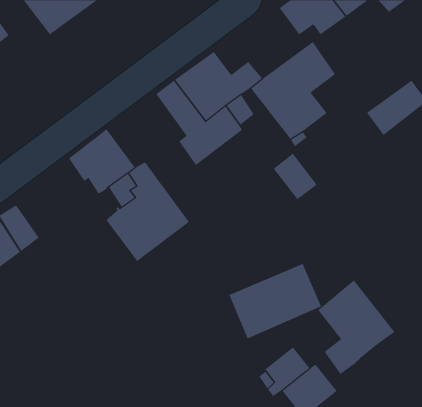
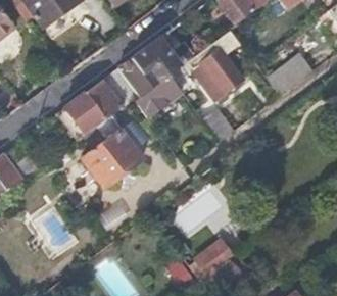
building: none -> [84,67,140,119]
building: [317,279,395,375] -> none

